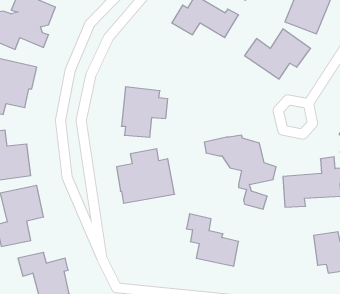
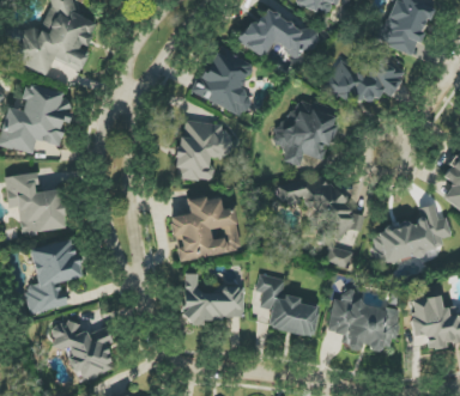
building: none -> [193,45,253,117]
building: none -> [274,99,338,166]
building: none -> [183,274,243,321]
building: none -> [328,288,398,351]

